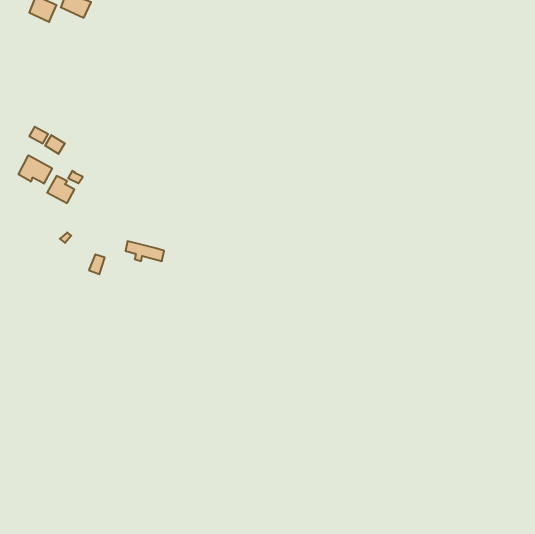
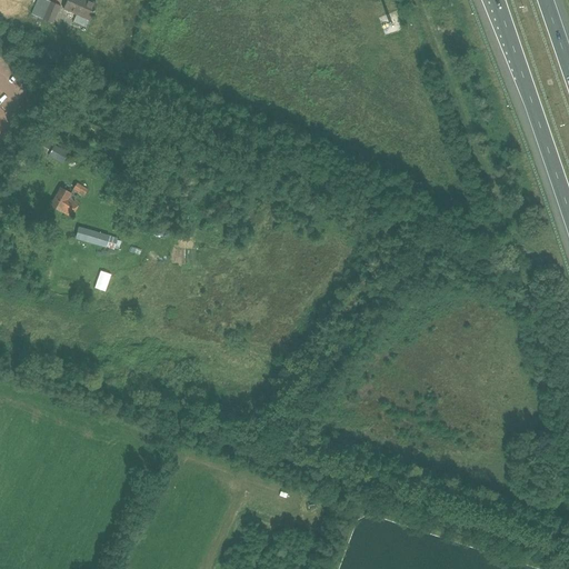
building: [19,155,52,184] -> none
building: [125,241,164,261] -> [76,227,117,248]

